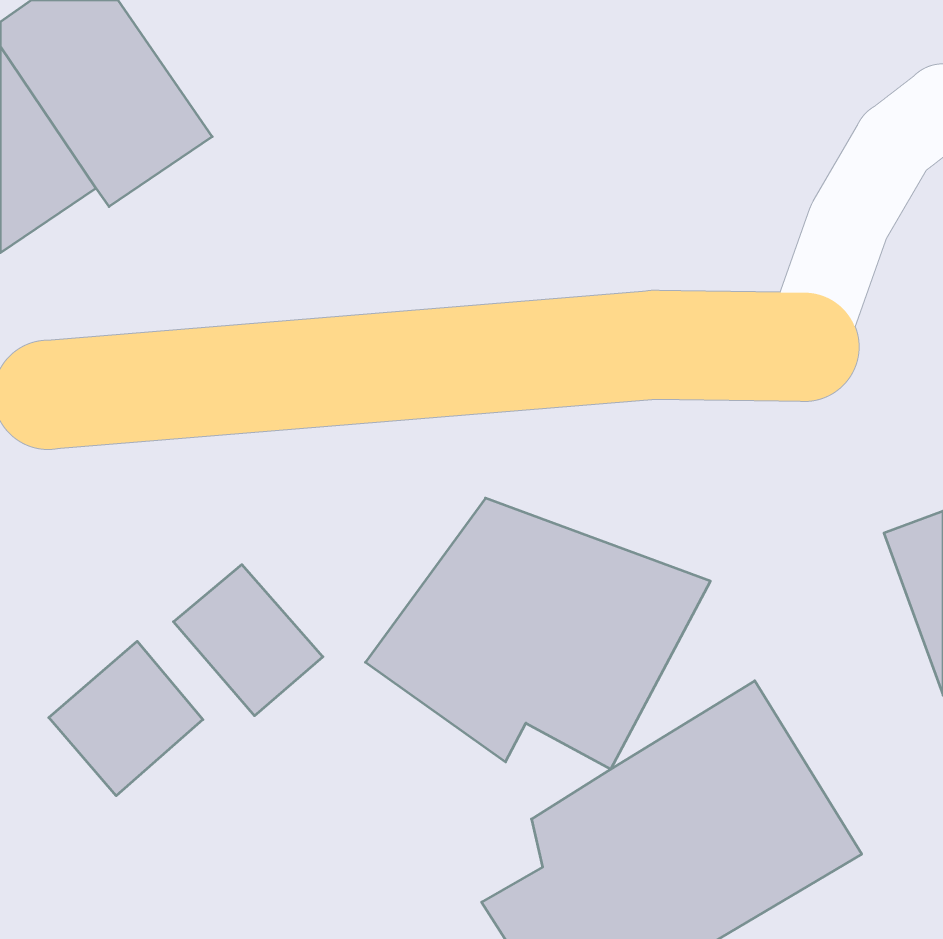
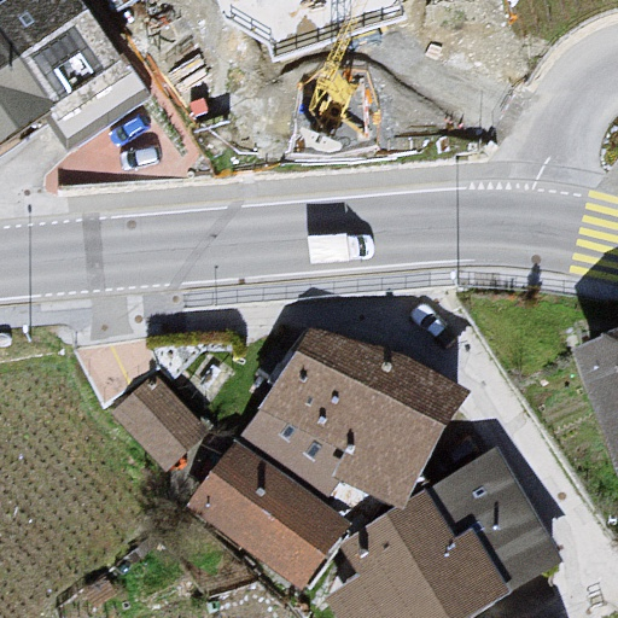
building: [49,641,203,796] -> none
building: none -> [190,436,354,587]

